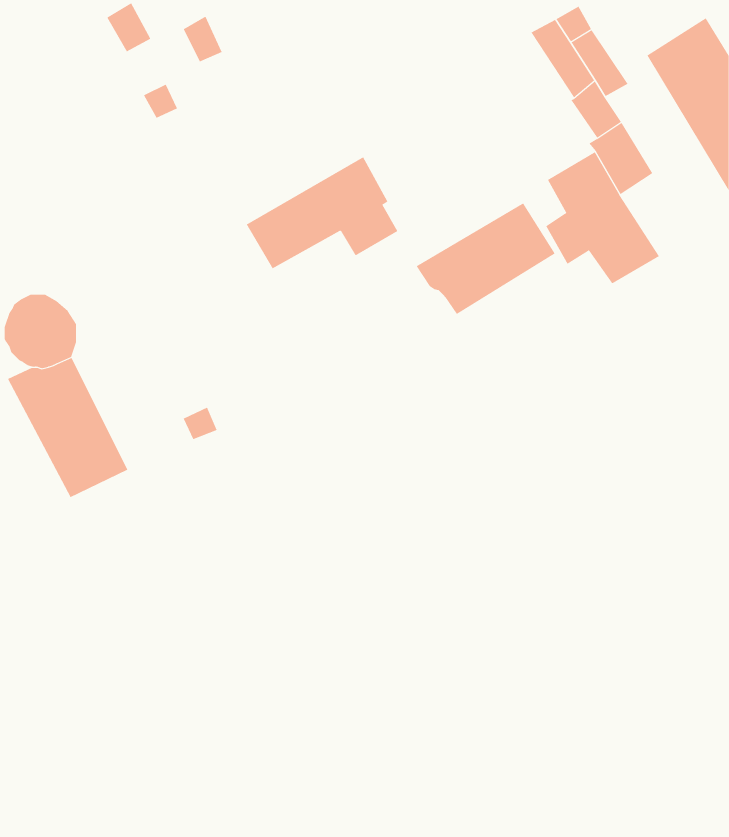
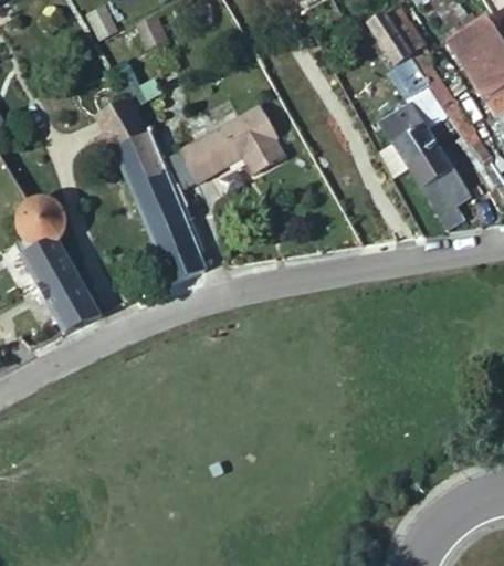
building: none -> [95,96,207,284]
building: [416,203,556,315] -> none
building: none -> [424,172,472,226]

